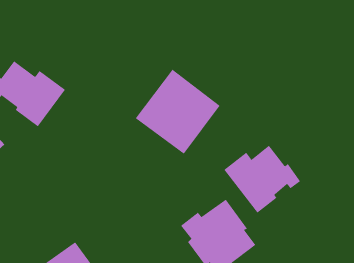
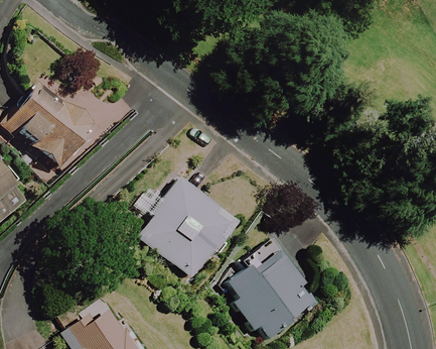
building: [135,69,221,154] -> [136,178,236,277]
building: [224,145,301,214] -> none

